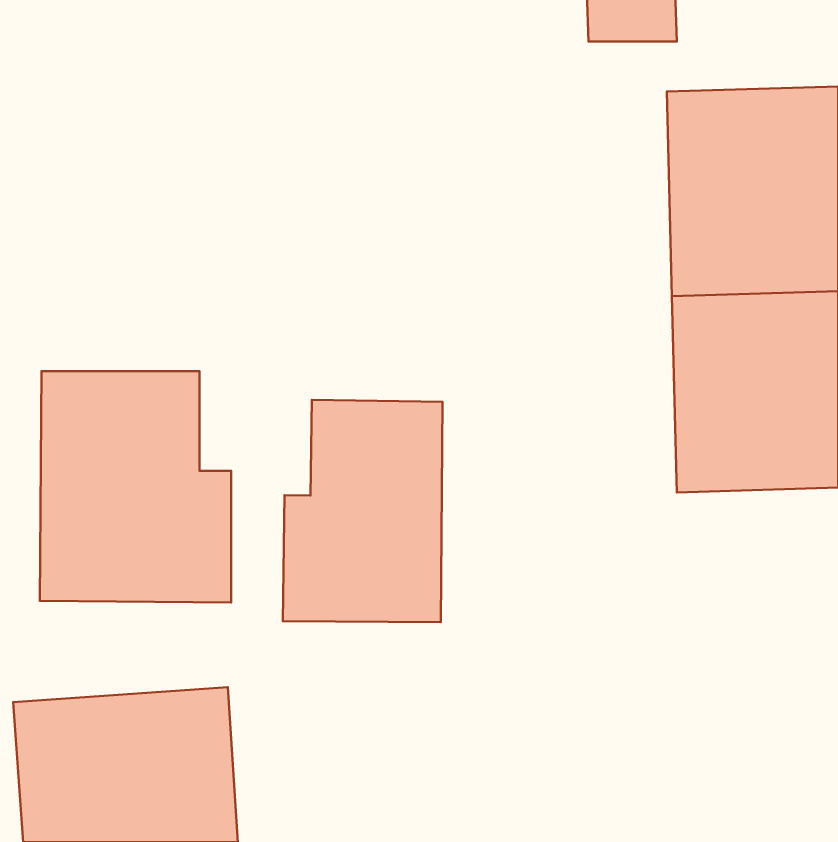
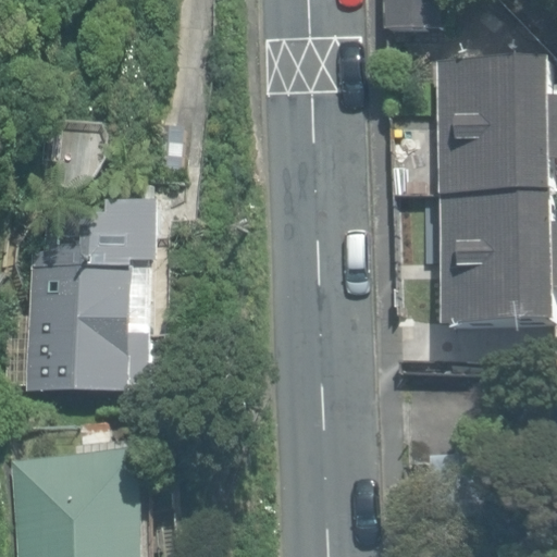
building: [283,400,442,622] -> none

